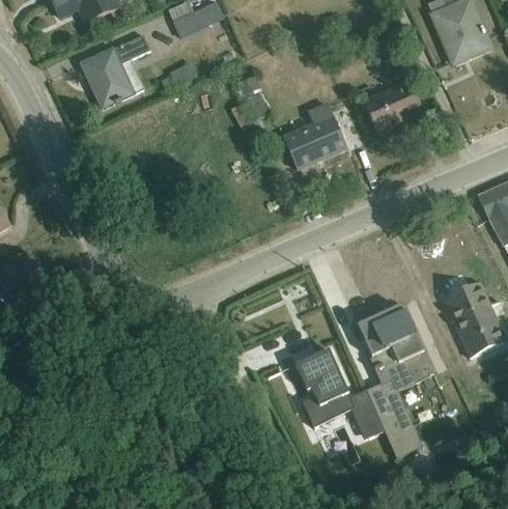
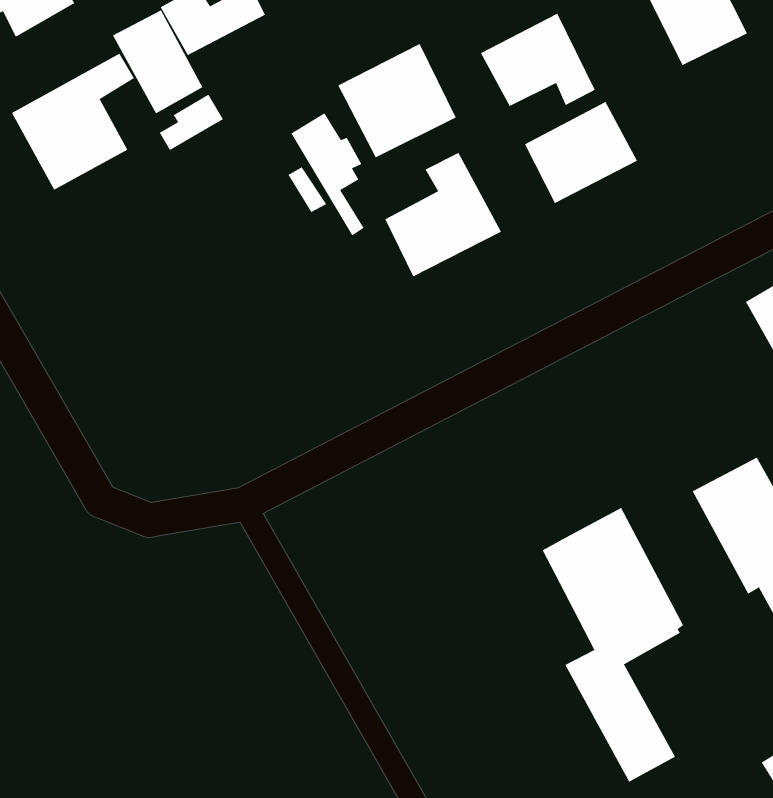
building: none -> [112,9,203,114]
building: none -> [480,13,595,107]
building: none -> [338,43,457,158]
building: [295,349,383,439] -> none

